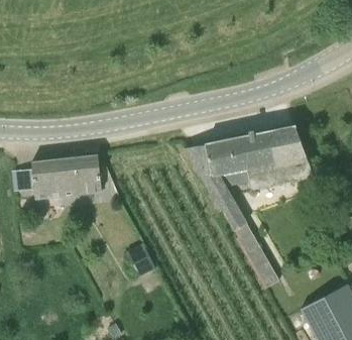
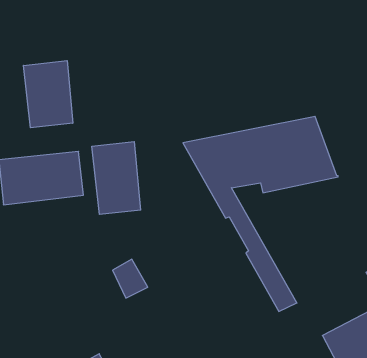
building: none -> [23,61,73,128]
building: none -> [92,142,141,214]

